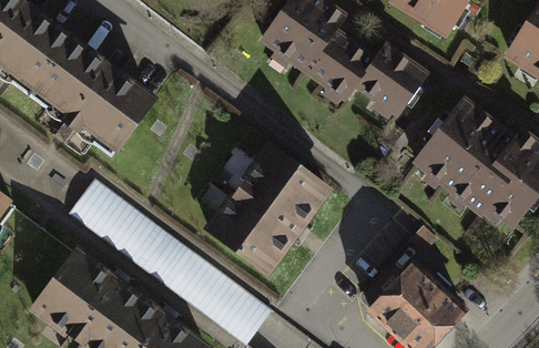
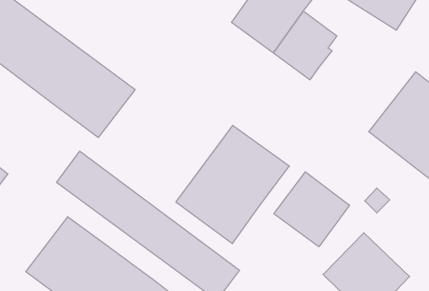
building: [362,32,434,110] -> none
building: none -> [274,172,350,247]

